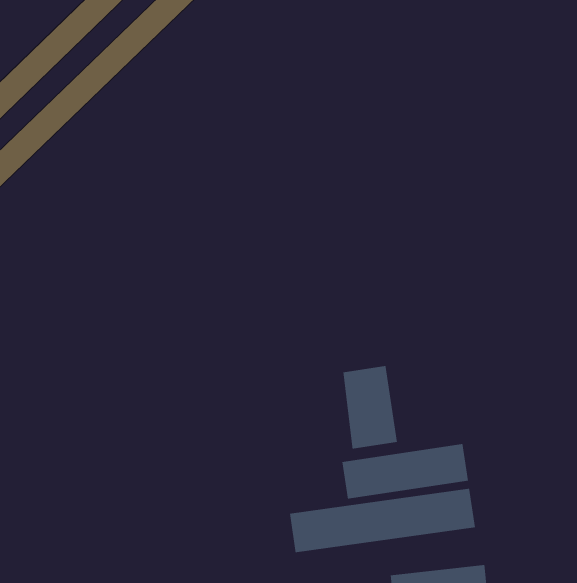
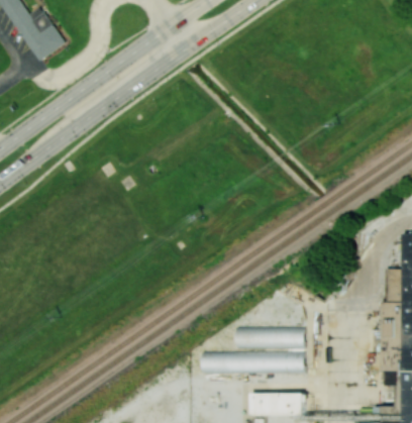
building: [343,365,398,450] -> none

